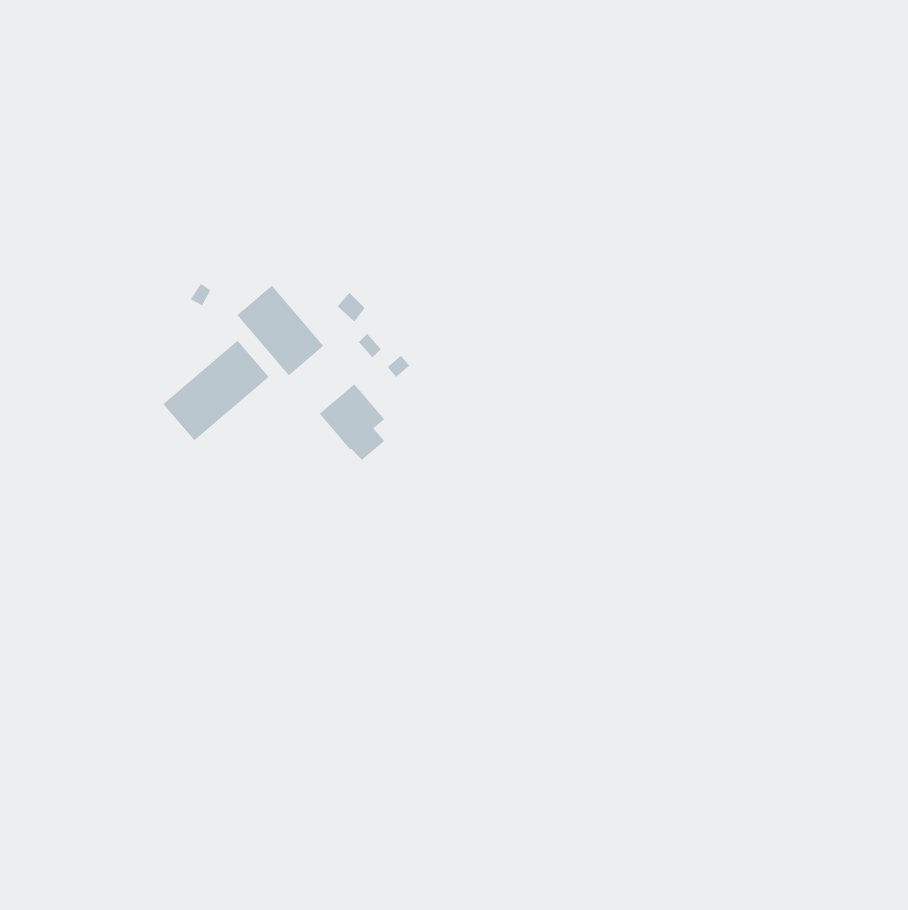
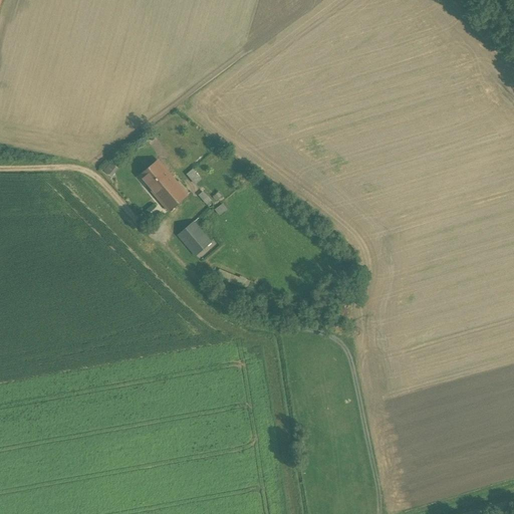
building: [163,340,269,441] -> none

